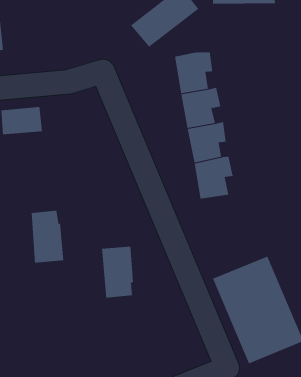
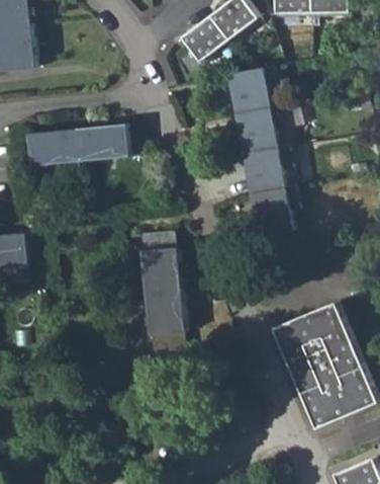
building: none -> [76,126,126,159]
building: [31,210,64,263] -> [141,233,180,294]

